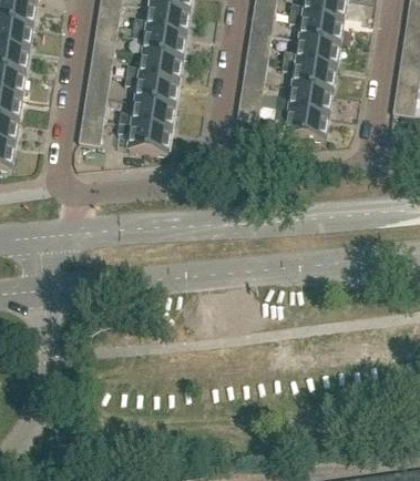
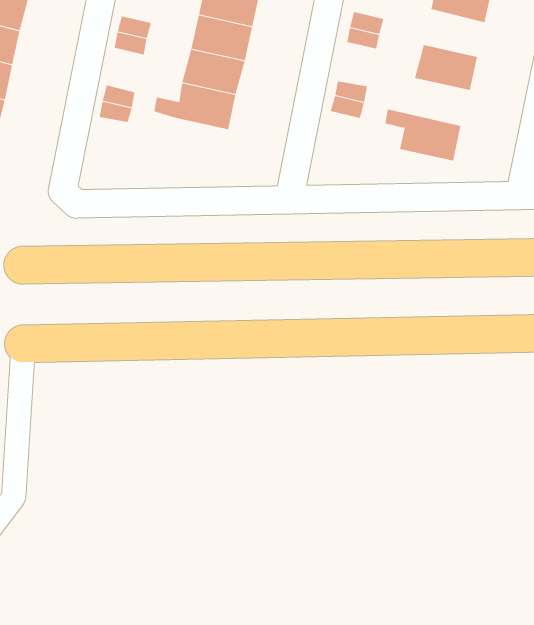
building: [296,39,337,69] -> none
building: [275,86,330,116] -> none
building: [127,125,168,155] -> none

